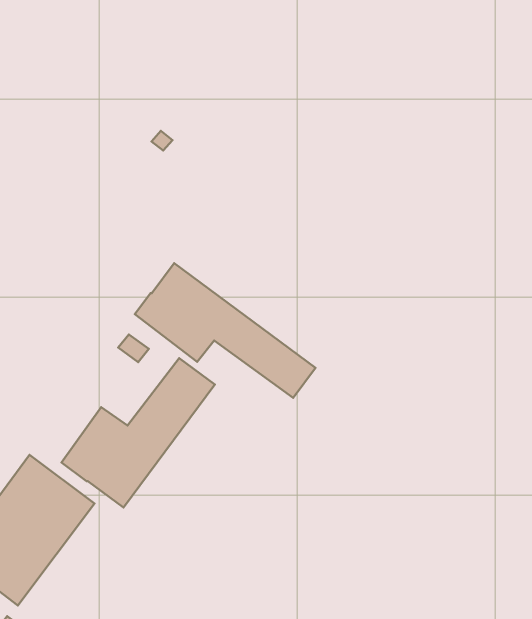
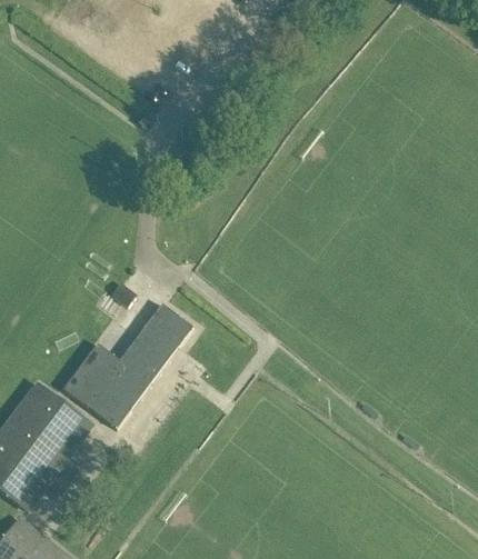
building: [135,263,315,398] -> none

